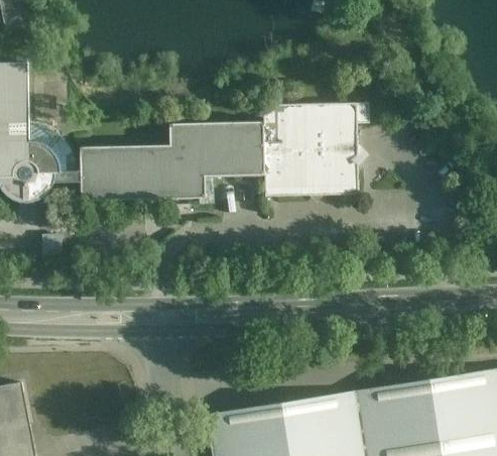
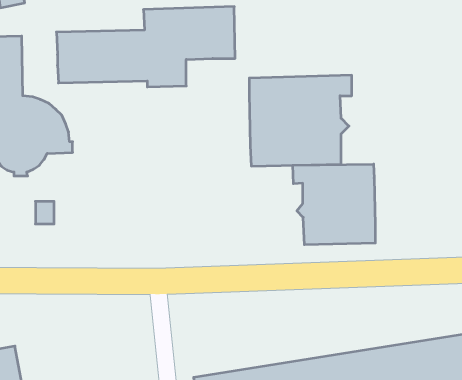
building: [79,122,263,205] -> [56,7,235,87]
building: none -> [293,164,375,245]

